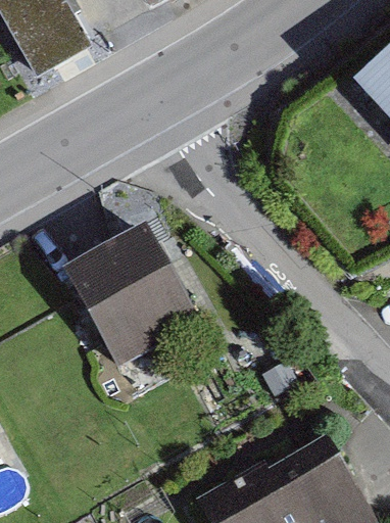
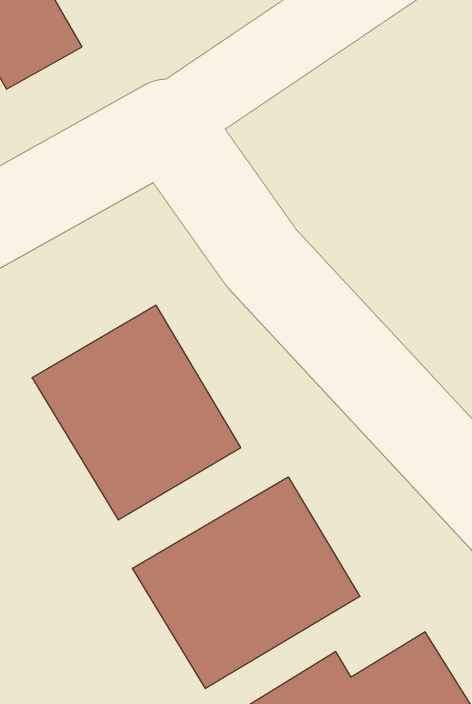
building: none -> [132,477,360,689]

